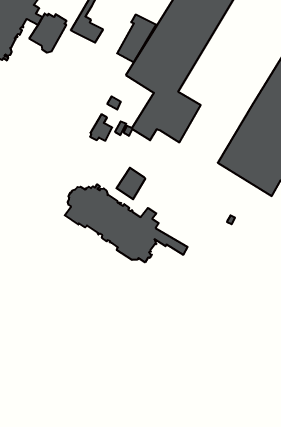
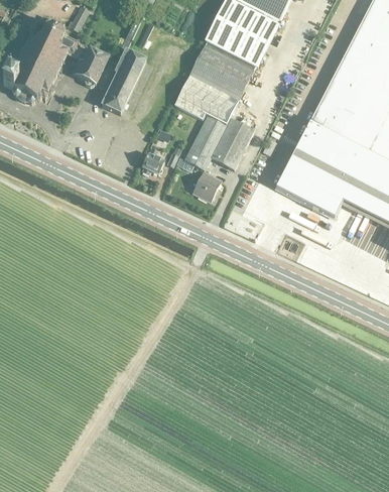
building: [117,15,156,62] -> [102,64,140,113]
building: [116,168,145,199] -> [192,169,222,202]
building: [65,184,188,262] -> none

